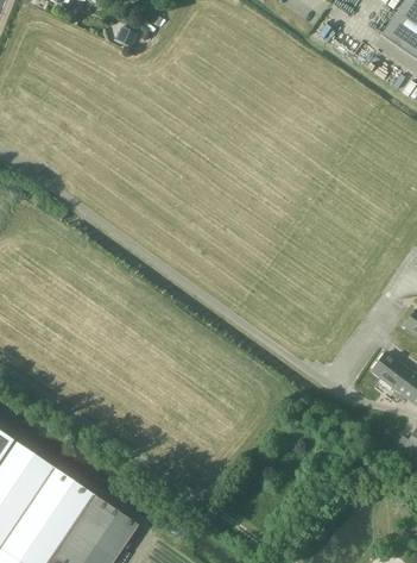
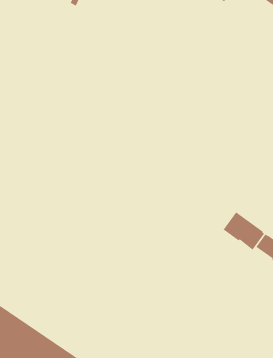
building: none -> [223,211,265,251]

